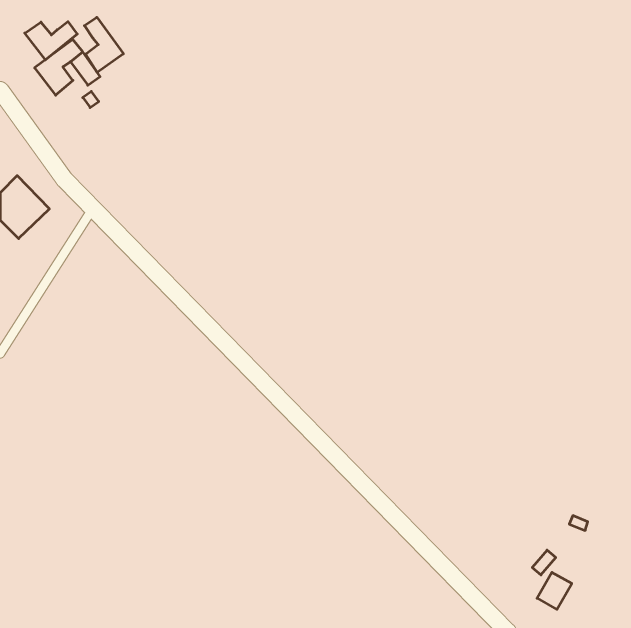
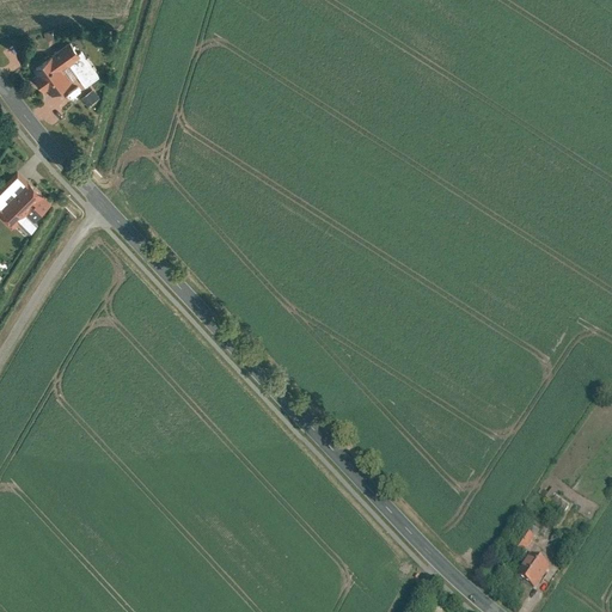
building: [84,17,123,72] -> none
building: [25,22,77,60] -> none

